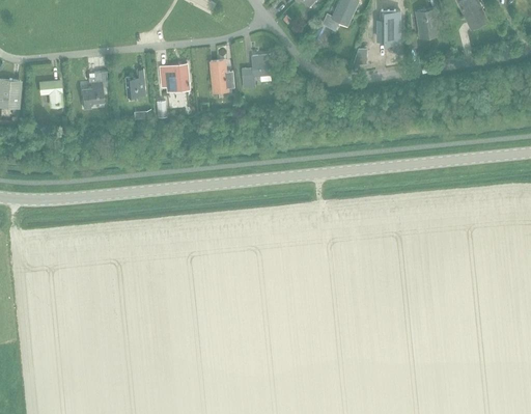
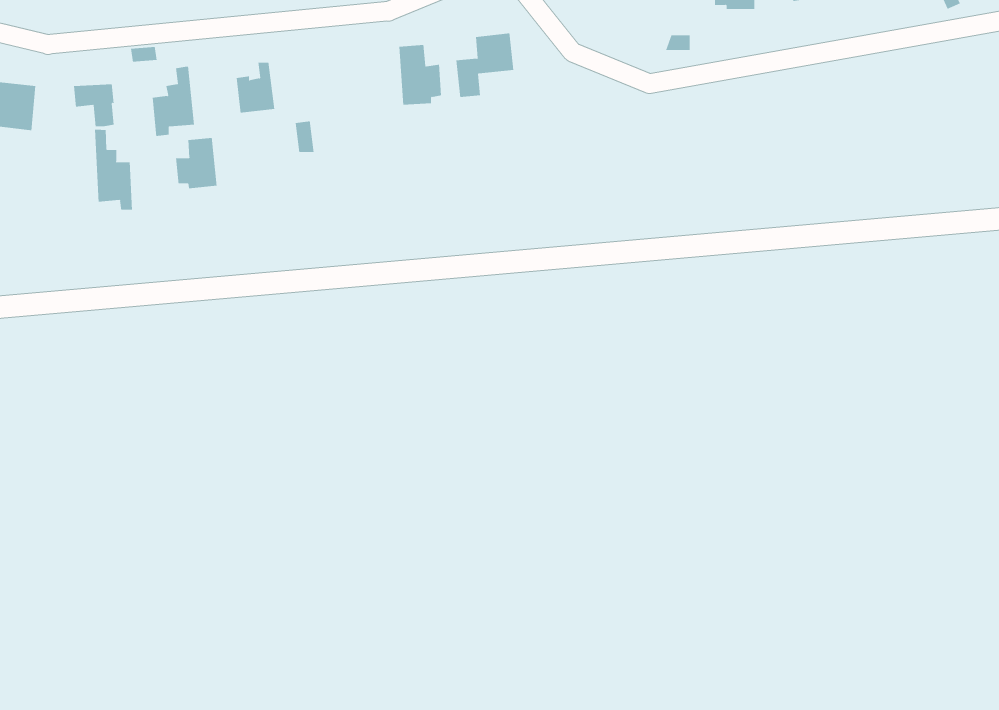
building: [162,64,189,92] -> none
building: none -> [95,129,132,210]
building: none -> [176,137,217,189]

